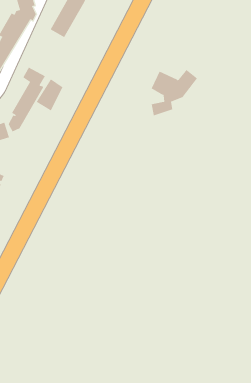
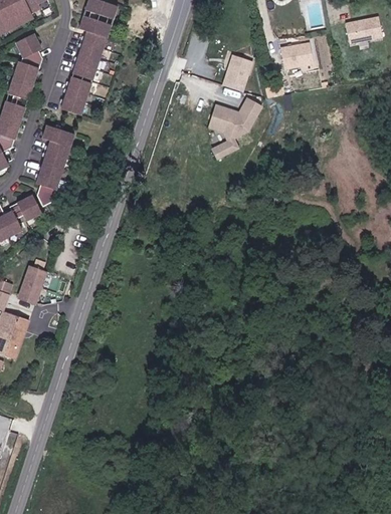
building: none -> [276,41,312,68]
building: none -> [219,54,250,91]
building: [36,79,63,111] -> [56,78,86,117]

